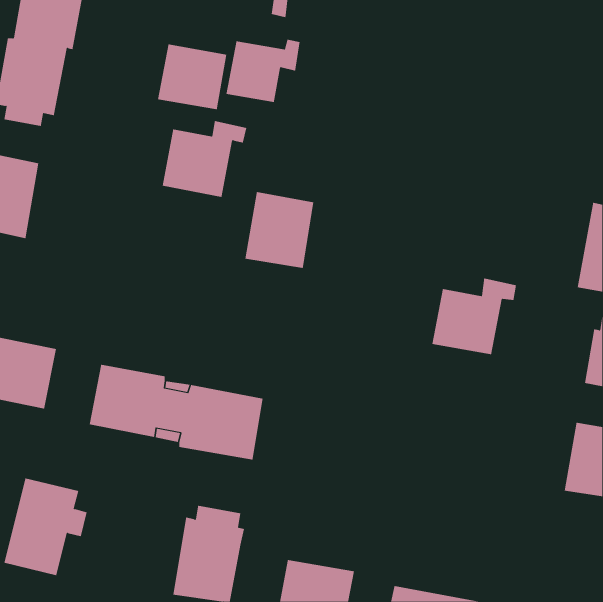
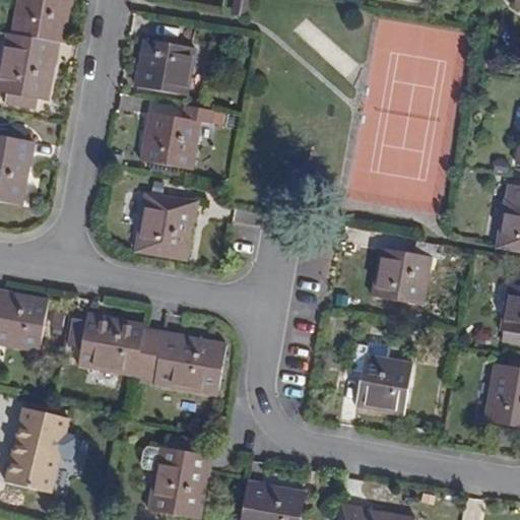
building: [226,39,300,103] -> none
building: [244,192,314,268] -> [135,193,195,259]
building: none -> [348,342,413,413]

